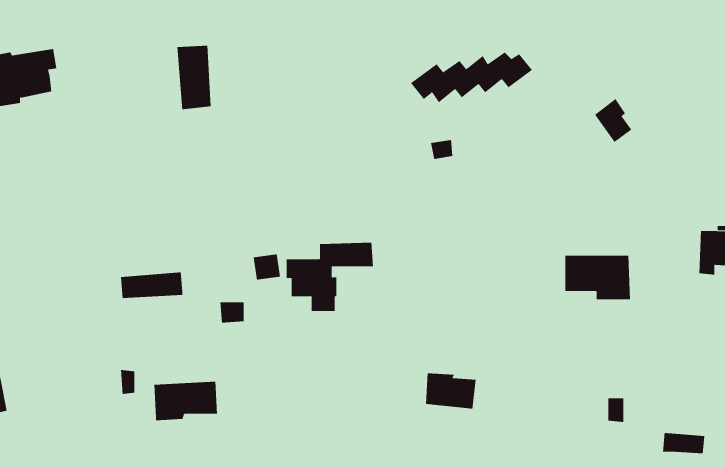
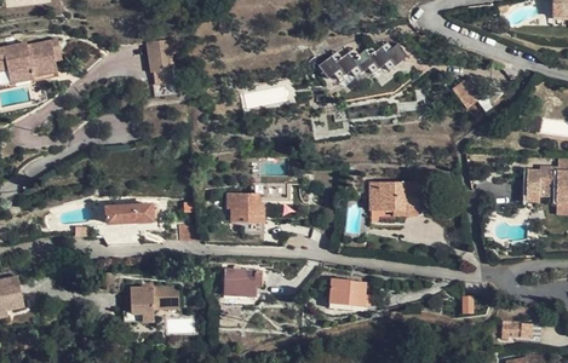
building: [564,255,631,300] -> [369,183,418,215]
building: none -> [224,269,260,295]

